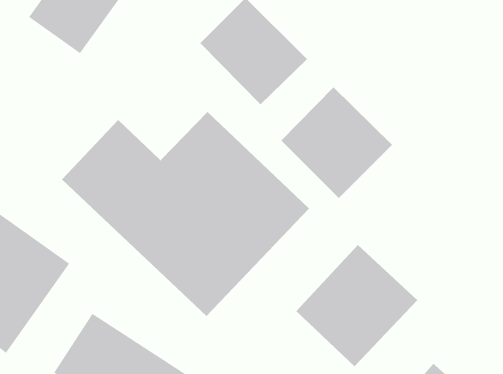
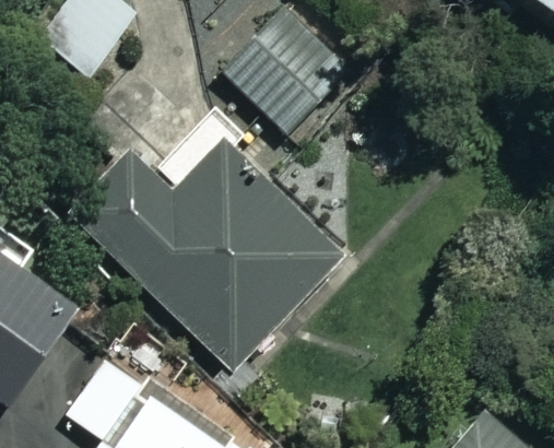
building: [281,86,393,199] -> none
building: [295,244,418,367] -> none

